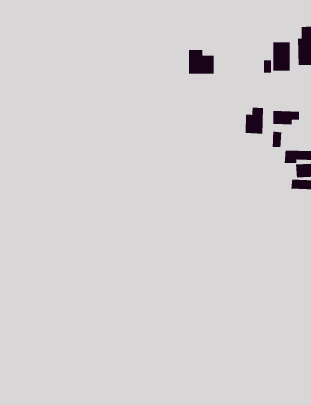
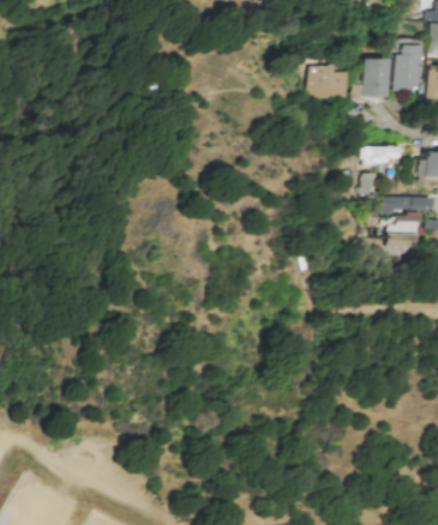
building: [188,49,214,74] -> [311,66,344,98]
building: [245,107,264,135] -> none

